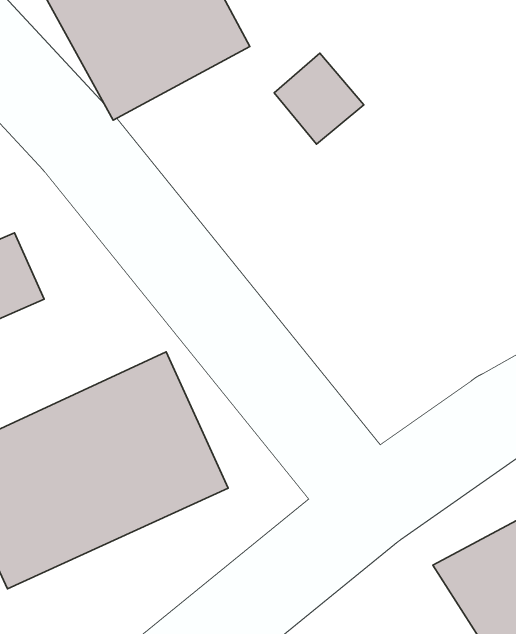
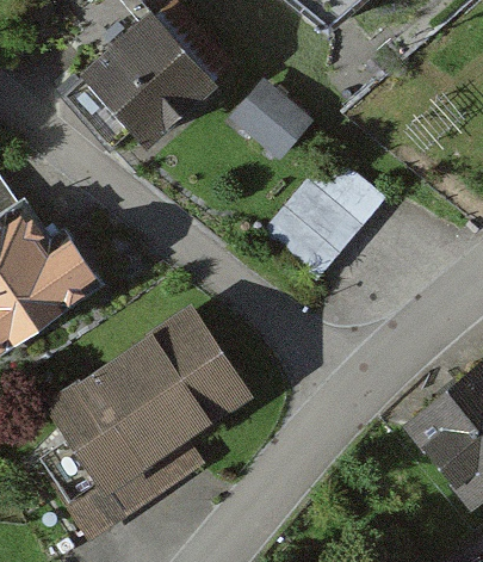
building: none -> [266,149,390,278]

